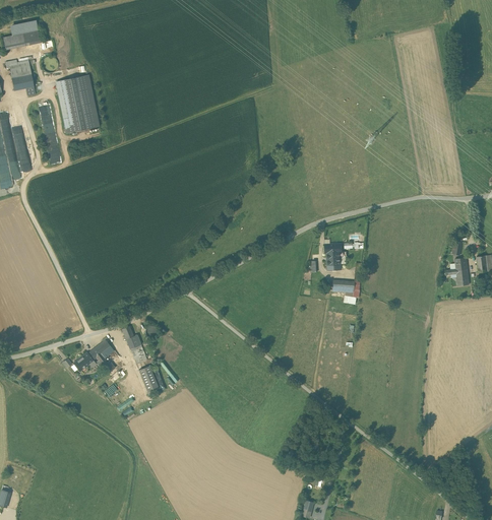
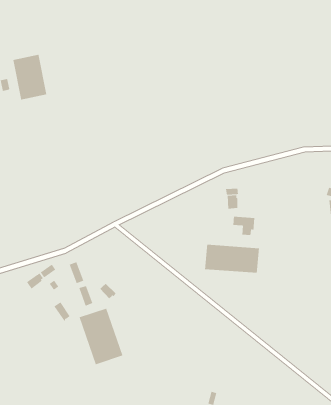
building: none -> [204,244,260,274]
building: none -> [79,308,123,365]

